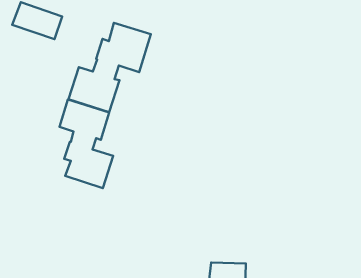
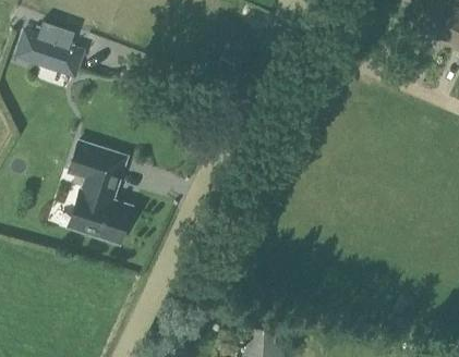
building: [68,23,151,112] -> none

